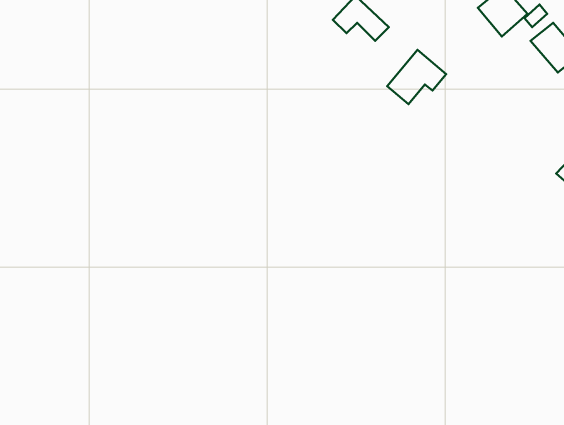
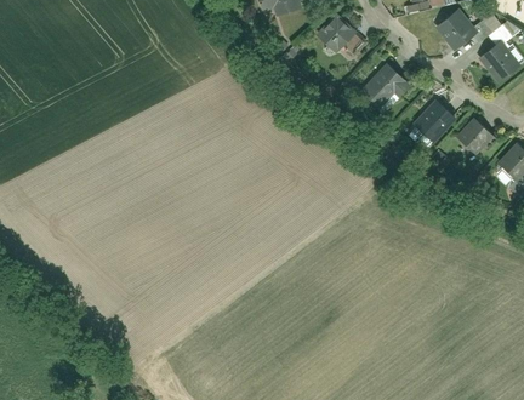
building: none -> [412,96,455,138]
building: none -> [457,113,494,148]

